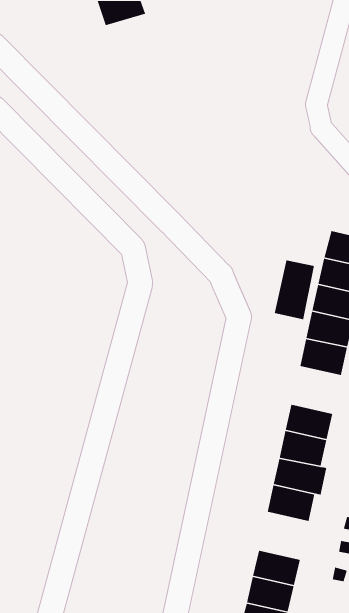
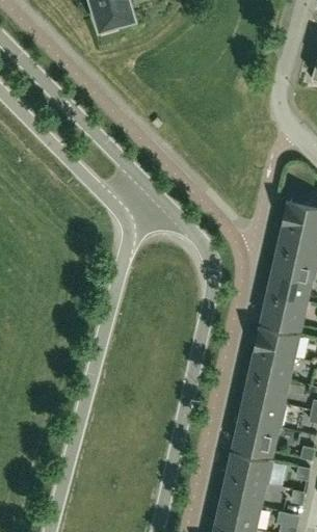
building: [274,260,315,320] -> none
building: none -> [256,326,297,358]
building: none -> [228,452,274,485]

